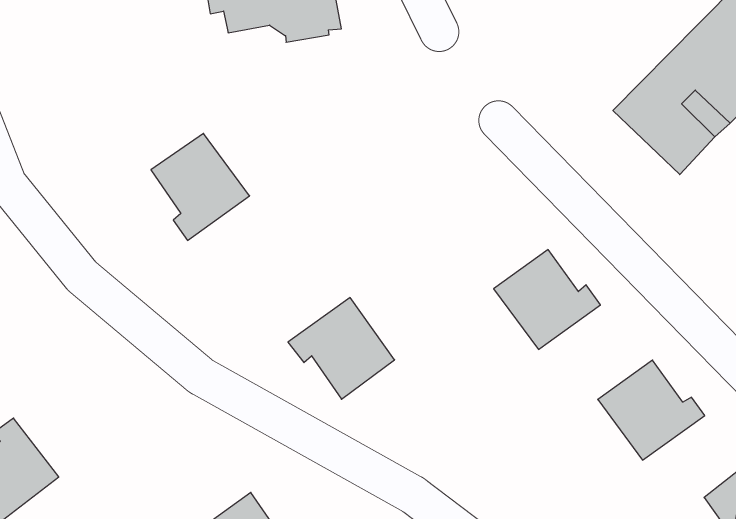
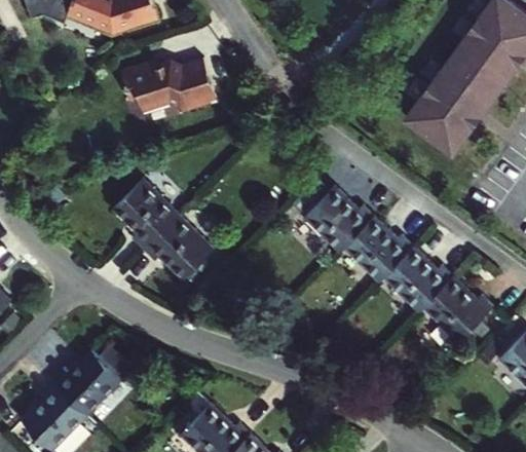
building: none -> [305,186,376,252]
building: [288,298,395,399] -> [145,214,215,279]
building: none -> [384,247,454,311]
building: none -> [52,348,122,413]

